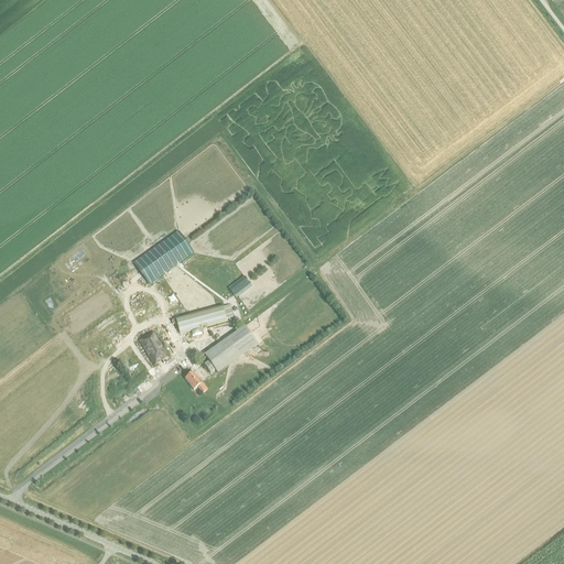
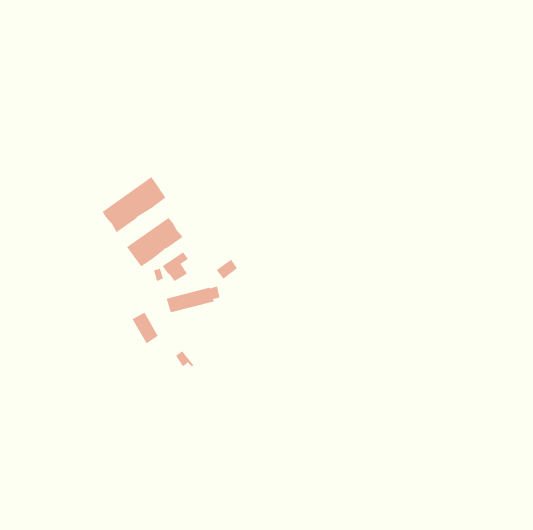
building: none -> [102,176,166,233]
building: [204,324,258,370] -> none

